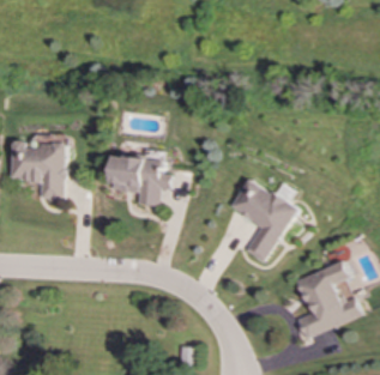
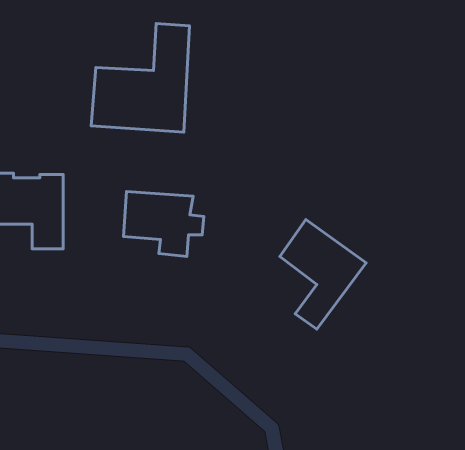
building: none -> [91,24,189,132]
building: [295,262,358,338] -> none

